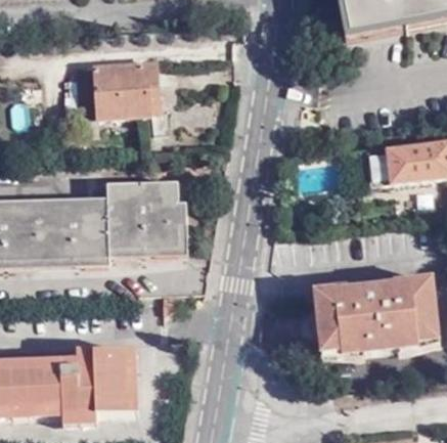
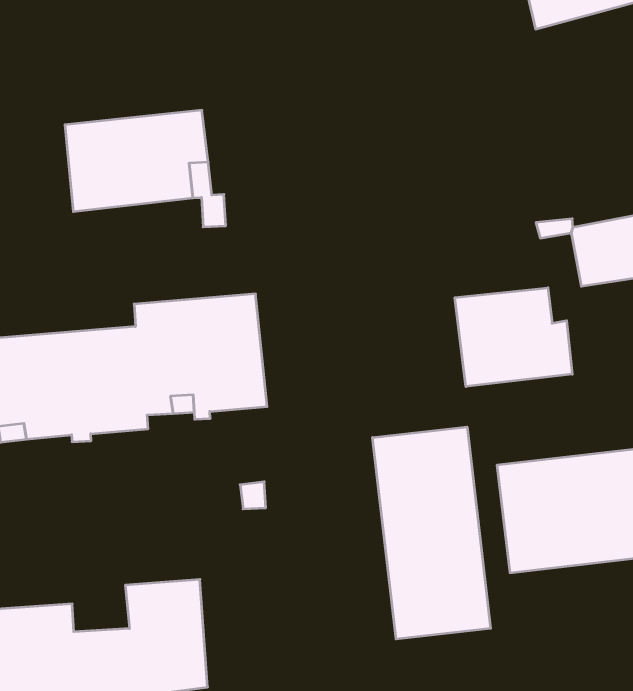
building: none -> [455,288,572,387]
building: none -> [373,427,491,639]
building: [63,348,97,373] -> none

